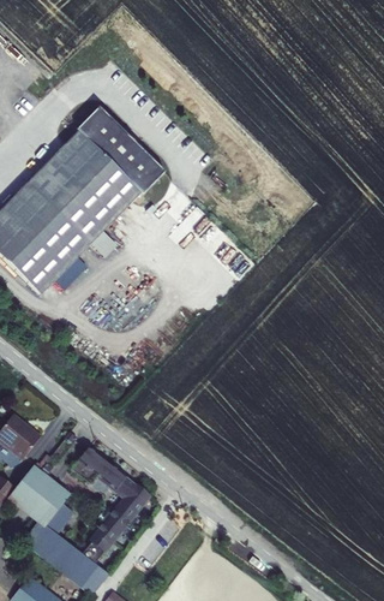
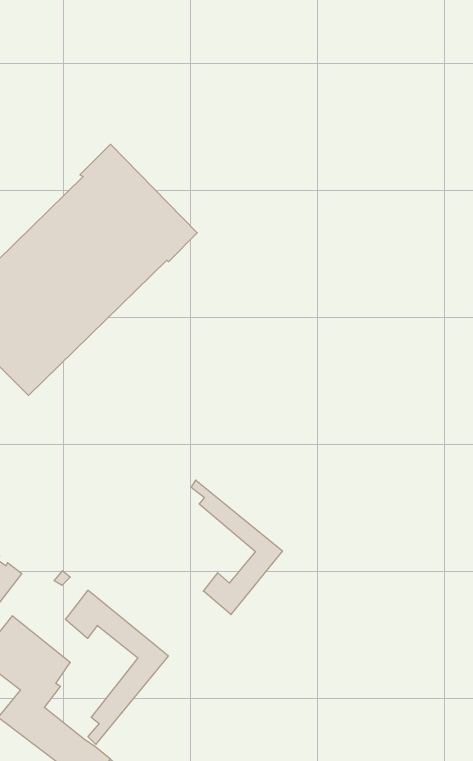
building: none -> [191,480,283,615]

